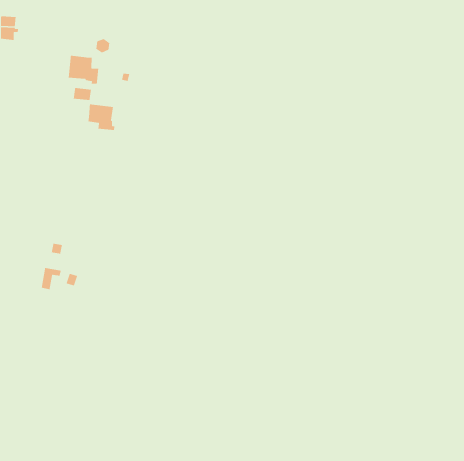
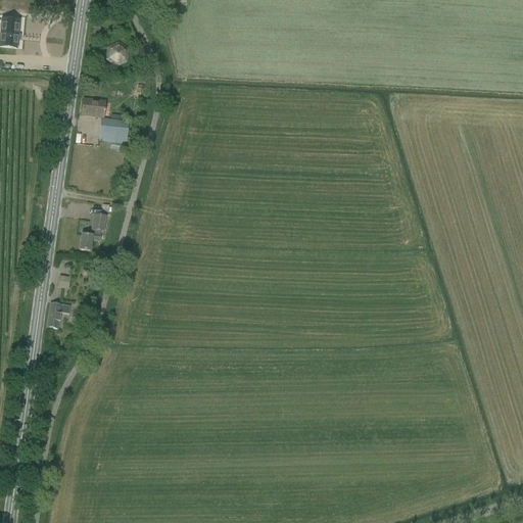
building: [68,55,99,85] -> none
building: none -> [80,211,106,248]

